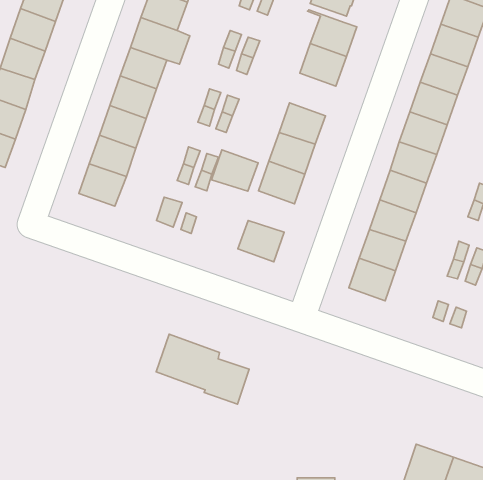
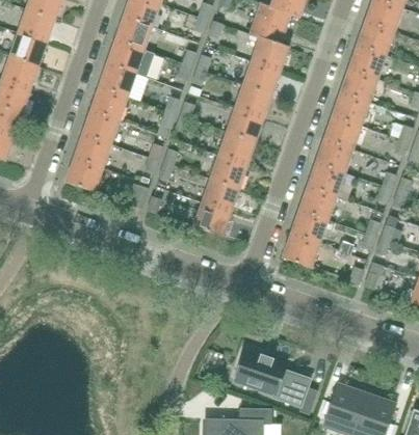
building: none -> [235,84,272,118]
building: [212,150,258,191] -> [202,179,239,212]
building: [156,334,249,404] -> [235,350,310,406]

